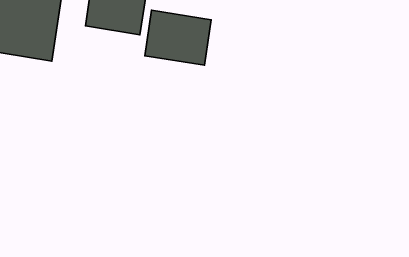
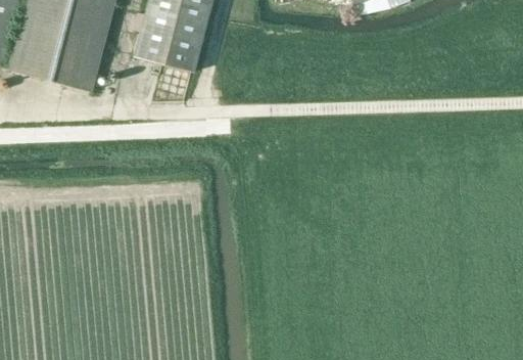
building: [145,10,211,65] -> none

